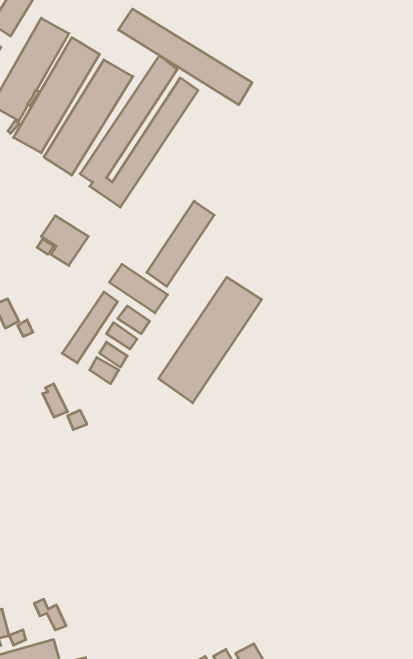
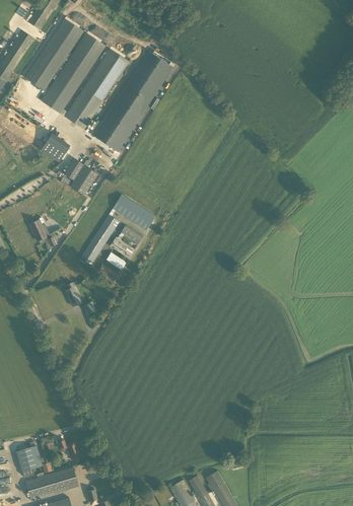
building: [118,9,252,105] -> none
building: none -> [40,133,69,161]
building: [147,201,214,286] -> none
building: [159,277,262,403] -> none

